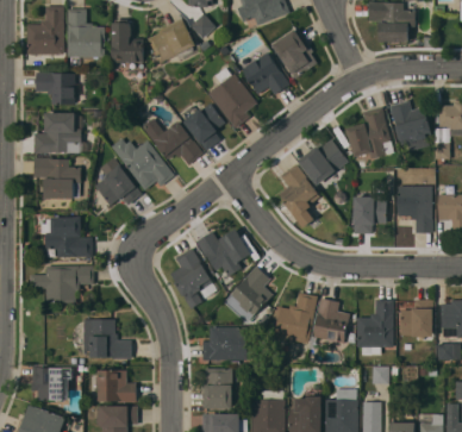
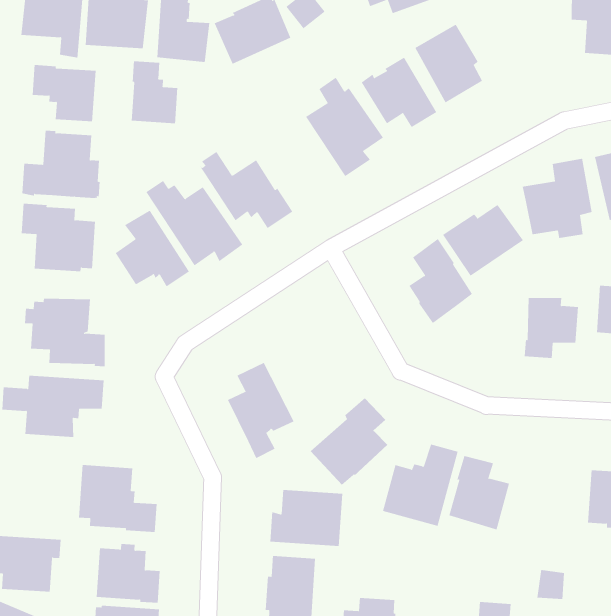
building: none -> [131,61,178,124]
building: [183,102,225,151] -> none
building: [195,228,260,276] -> none
building: [356,299,393,348] -> none

